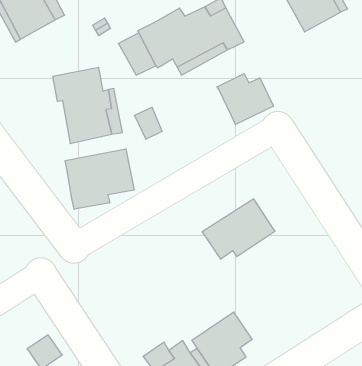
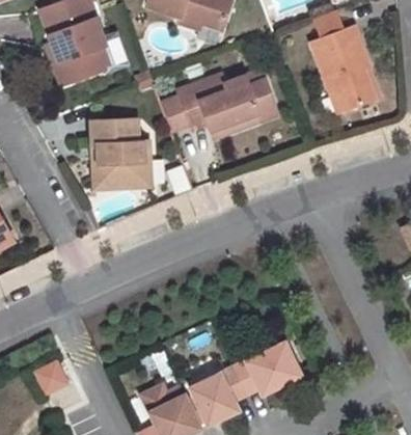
building: [217,74,273,125] -> none
building: [65,149,134,209] -> none
building: [202,199,275,259] -> [231,343,300,395]

